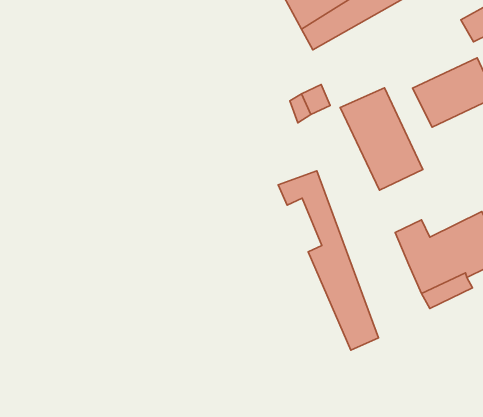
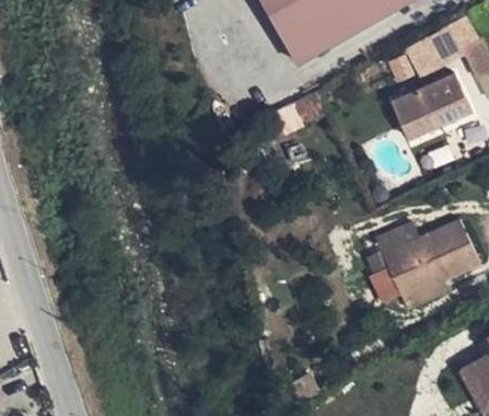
building: [340,88,423,190] -> none
building: [278,171,378,350] -> none

